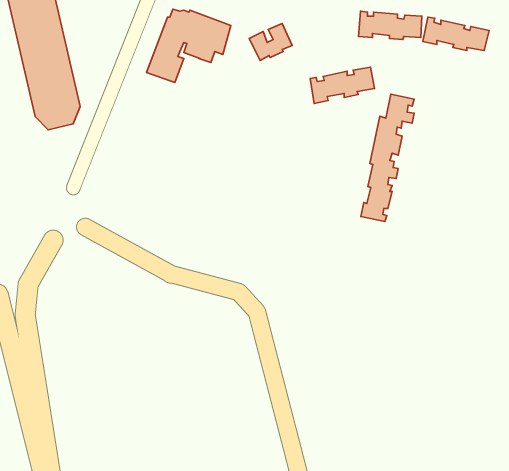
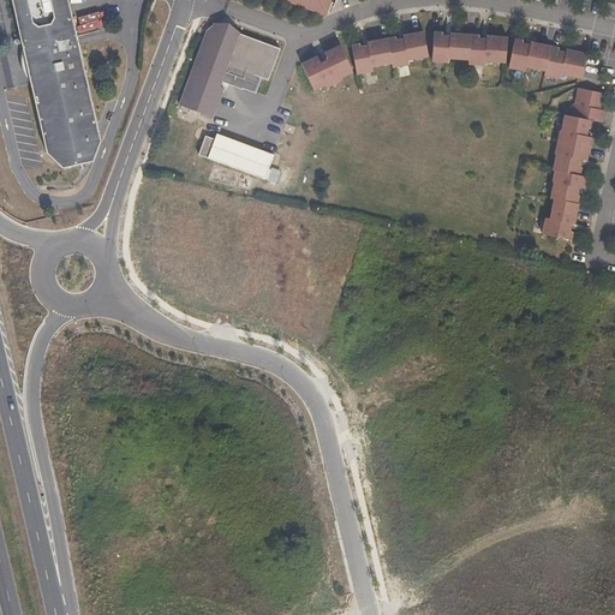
building: [310,67,374,103] -> [352,30,429,73]
building: [361,94,414,222] -> [543,86,607,239]
building: none -> [198,132,274,178]

